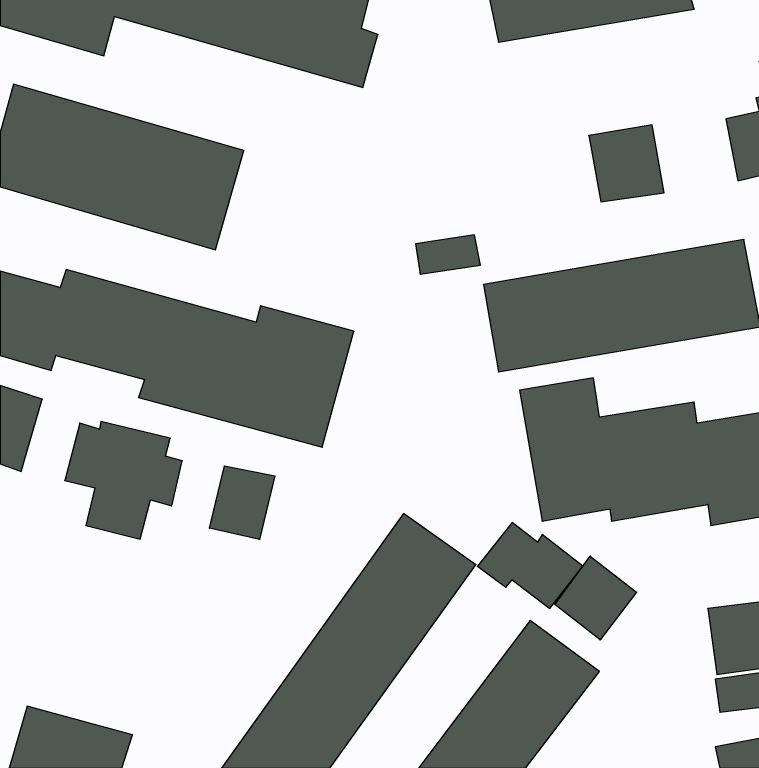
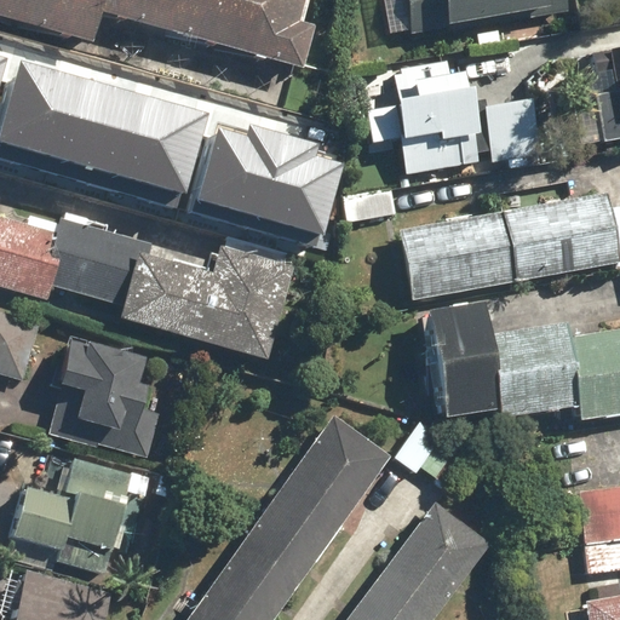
building: none -> [391,59,481,173]
building: none -> [199,130,343,241]
building: [209,466,275,540] -> none
building: [555,556,637,640] -> none
building: none -> [13,459,133,575]

